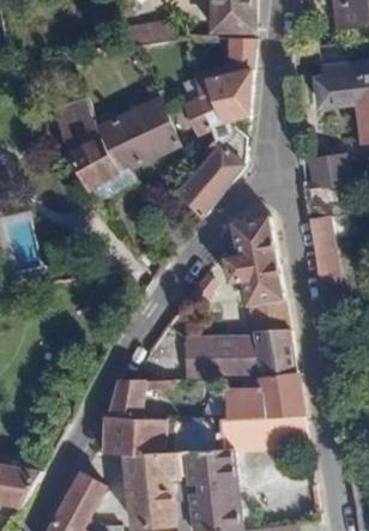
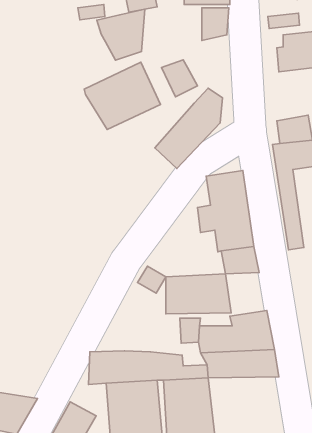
building: [201,67,254,123] -> [97,9,145,60]
building: [61,133,122,191] -> none
building: [253,330,298,378] -> none
building: [103,379,145,417] -> none

